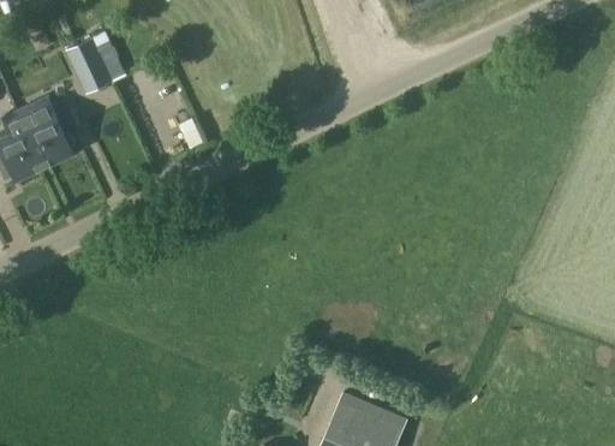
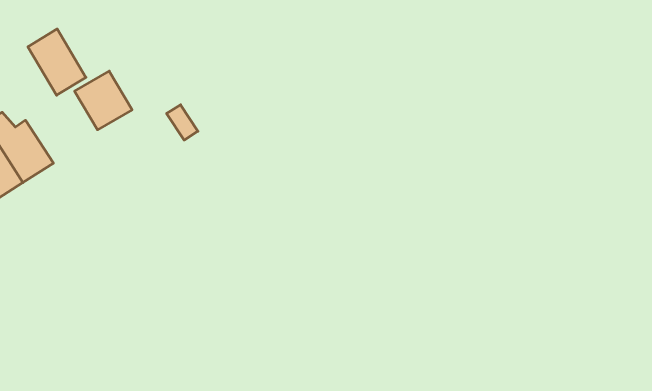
building: none -> [75,71,132,130]

